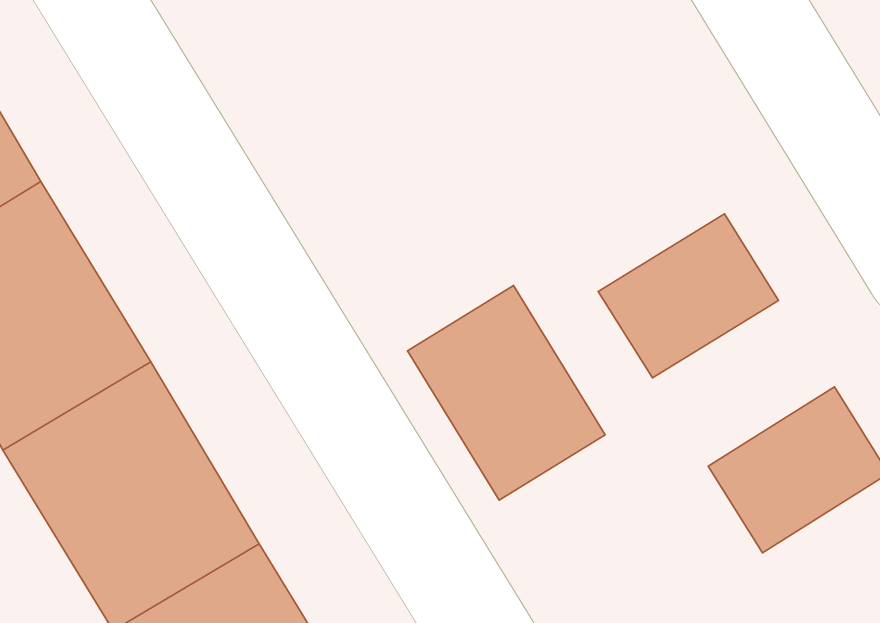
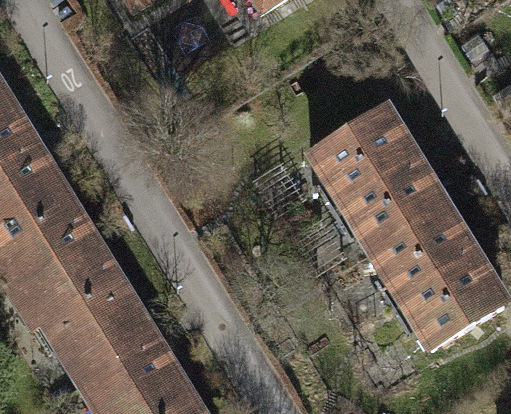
building: none -> [315,109,415,201]
building: [408,286,605,500] -> none
building: none -> [375,206,476,298]

